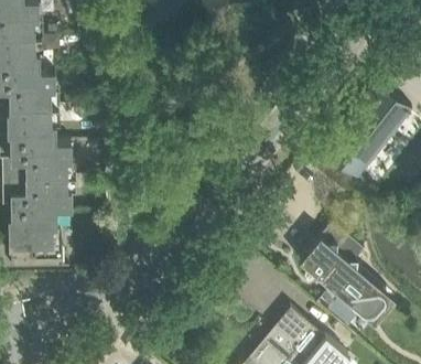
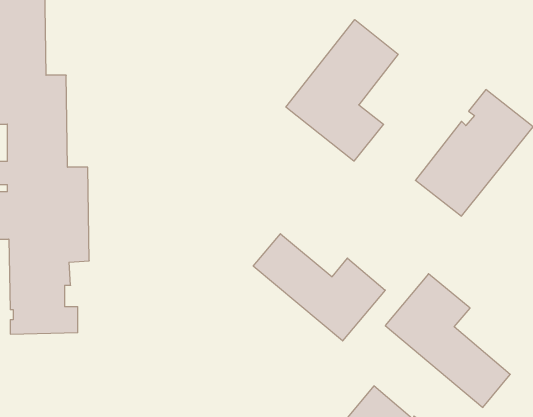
building: none -> [286,20,398,161]
building: none -> [253,234,385,341]

